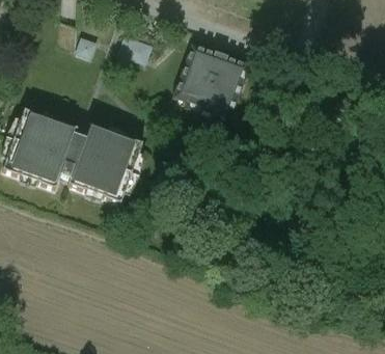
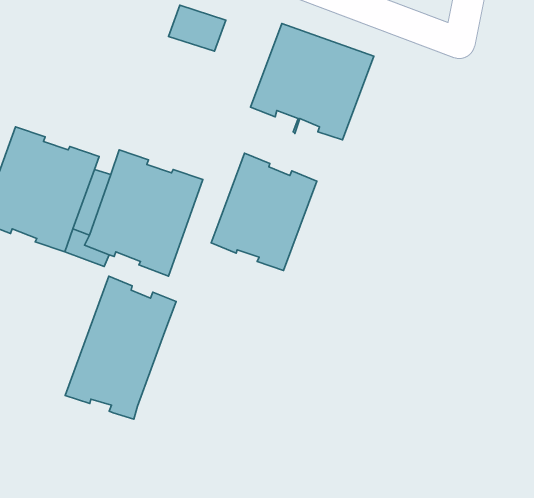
building: none -> [211,153,317,271]
building: none -> [65,276,176,419]

